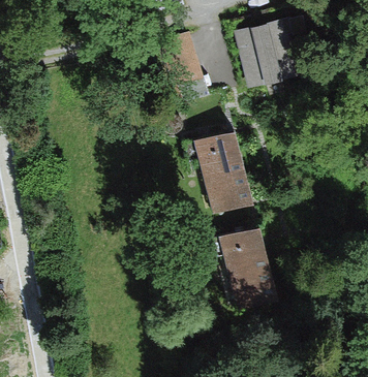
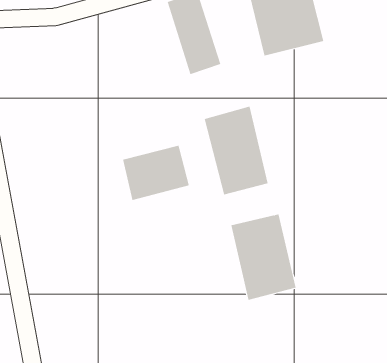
building: none -> [122,145,189,201]

